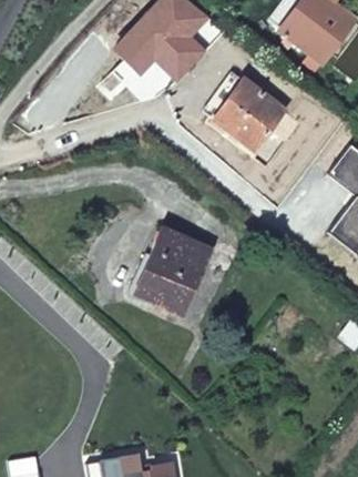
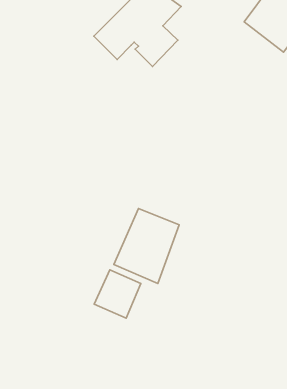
building: [207,87,279,155] -> none
building: none -> [94,270,141,318]

